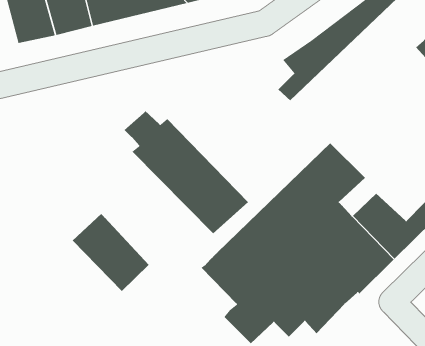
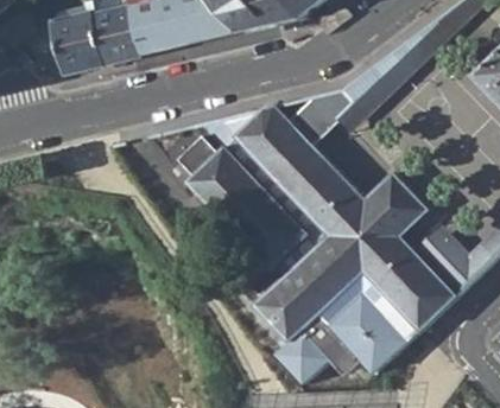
building: none -> [233,89,353,223]
building: [72,213,149,292] -> none

